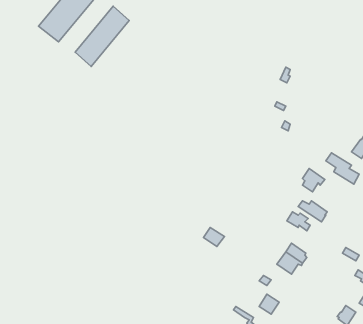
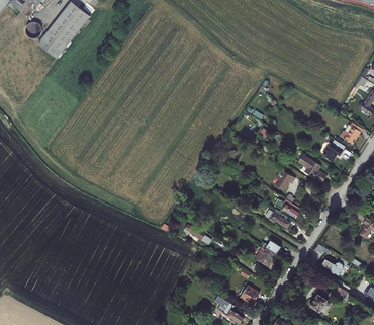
building: [75,6,129,66] -> none

